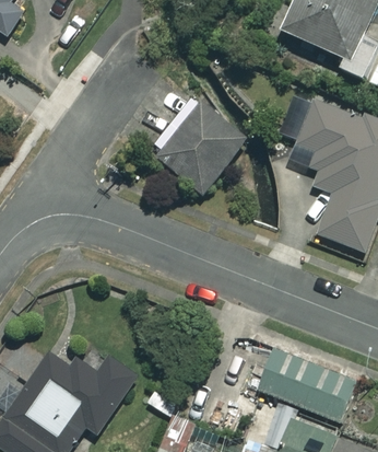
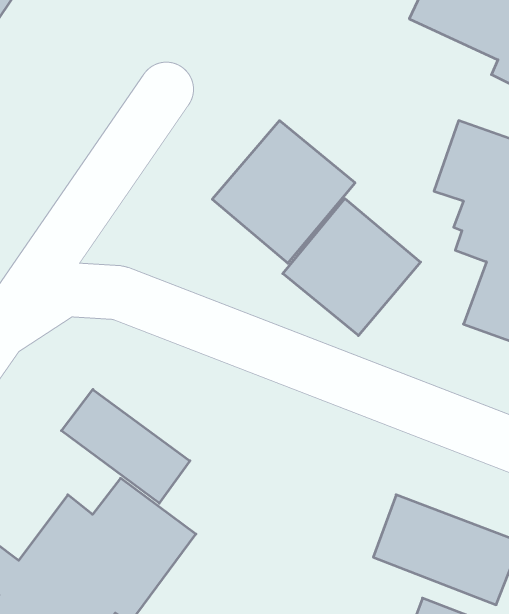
building: none -> [283,199,421,336]
building: none -> [61,389,190,503]

